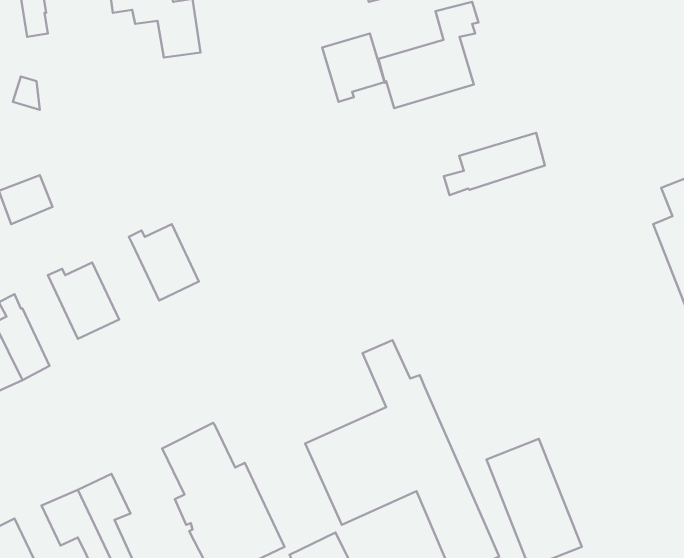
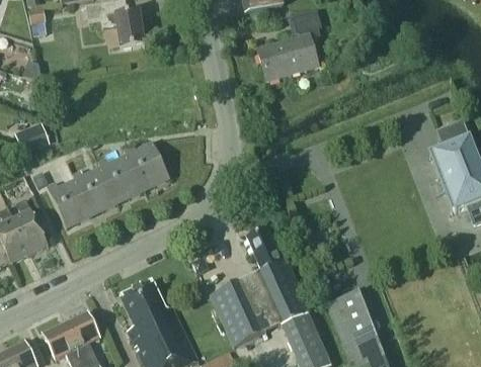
building: [322,33,385,102] -> none
building: [444,133,545,195] -> none
building: none -> [124,142,169,190]
building: none -> [73,166,117,214]

